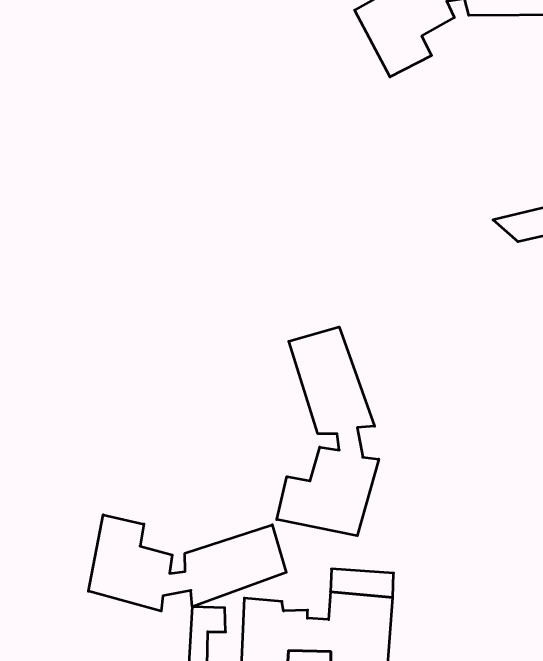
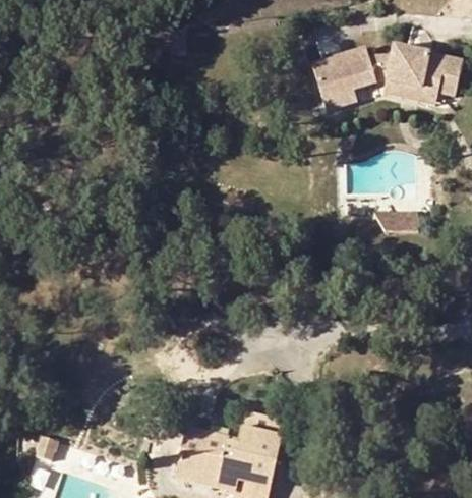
building: [277,327,379,536] -> none
building: [88,515,286,611] -> none

